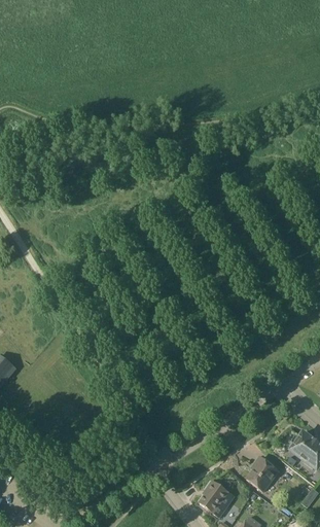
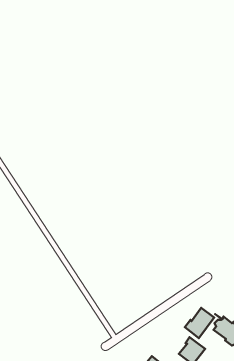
building: none -> [185,308,214,338]

